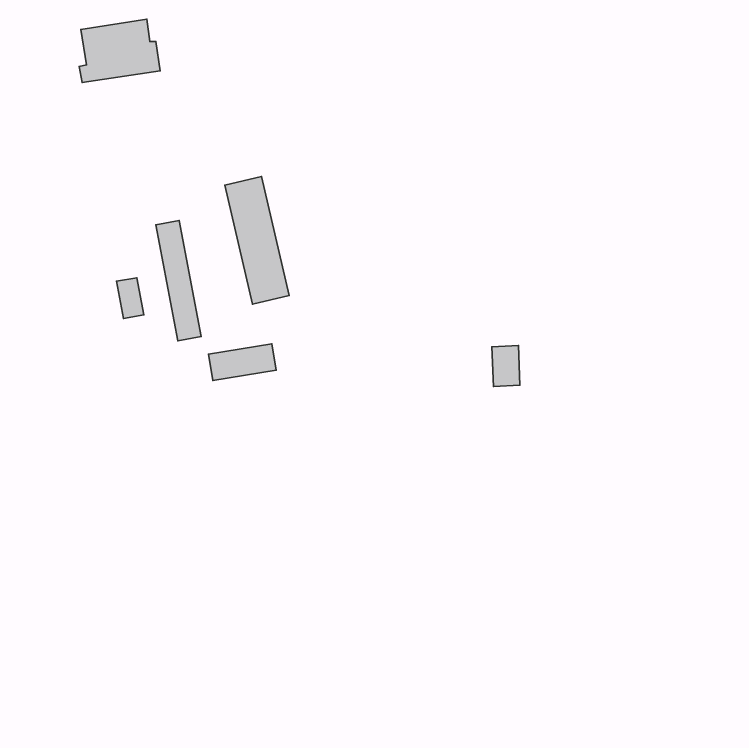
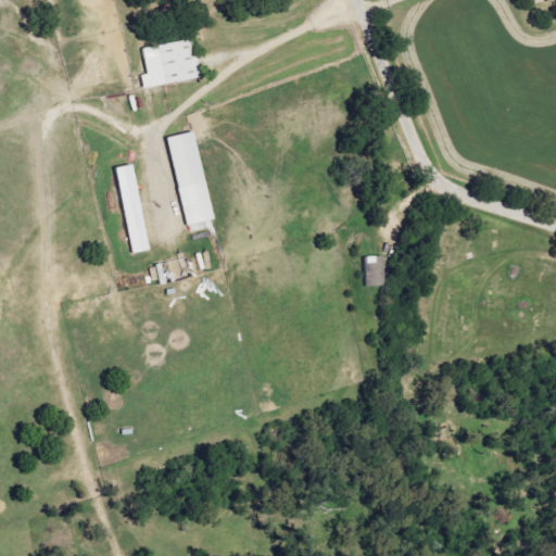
building: [79,19,160,83] -> [141,39,201,86]
building: [116,278,144,318] -> none

